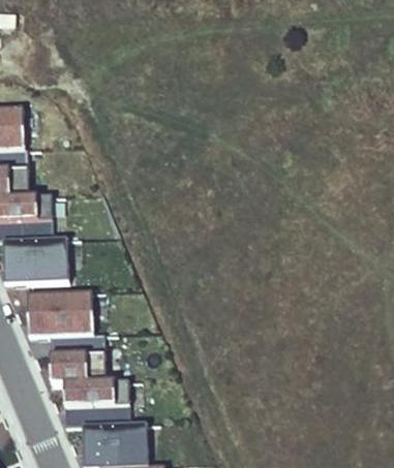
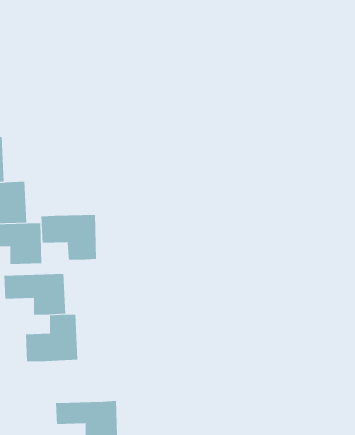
building: none -> [41,214,97,260]
building: [64,383,129,428] -> none

